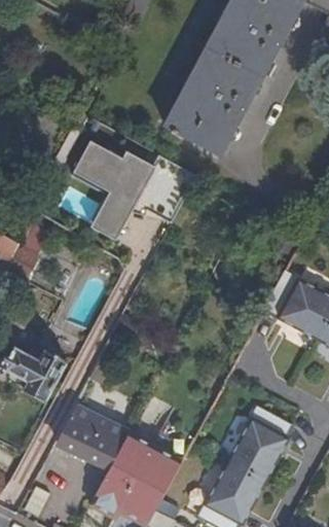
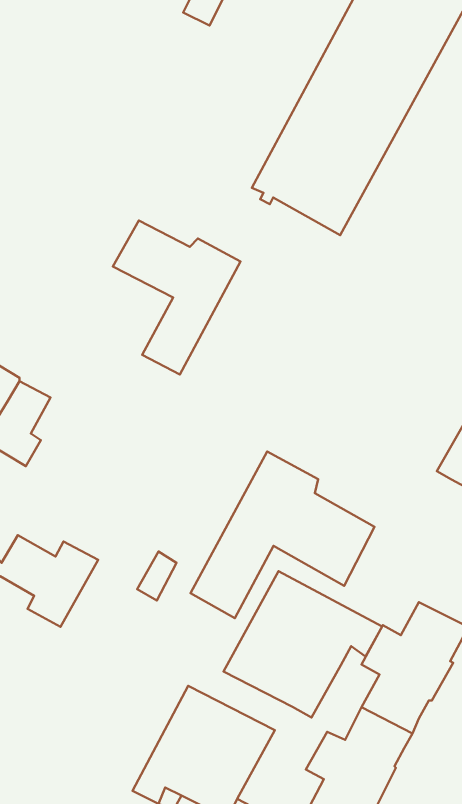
building: none -> [190,452,374,618]
building: none -> [223,571,382,718]
building: [59,408,119,465] -> none

